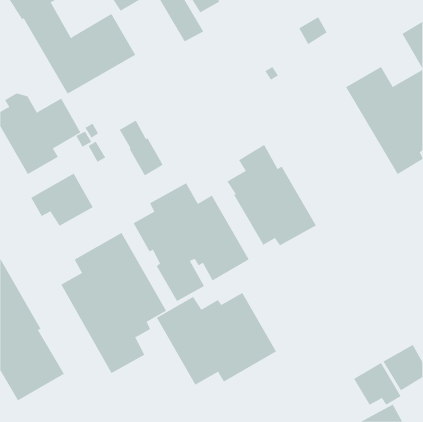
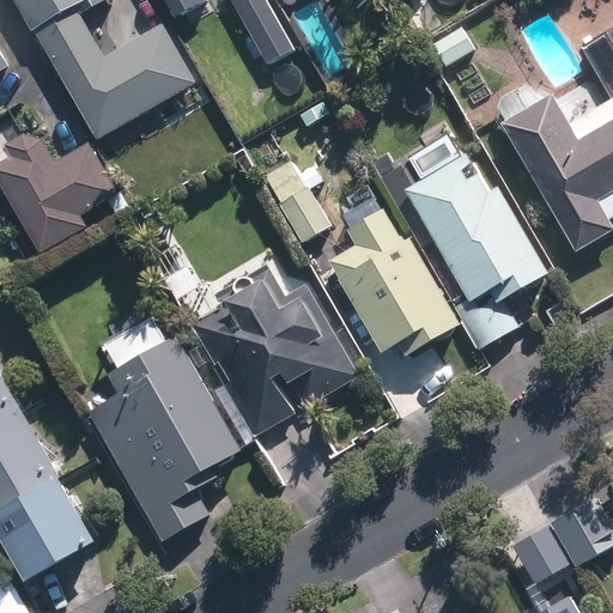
building: none -> [400,154,547,350]
building: [119,120,164,176] -> [265,160,329,242]
building: [30,173,94,227] -> none
building: [156,292,277,385] -> none

